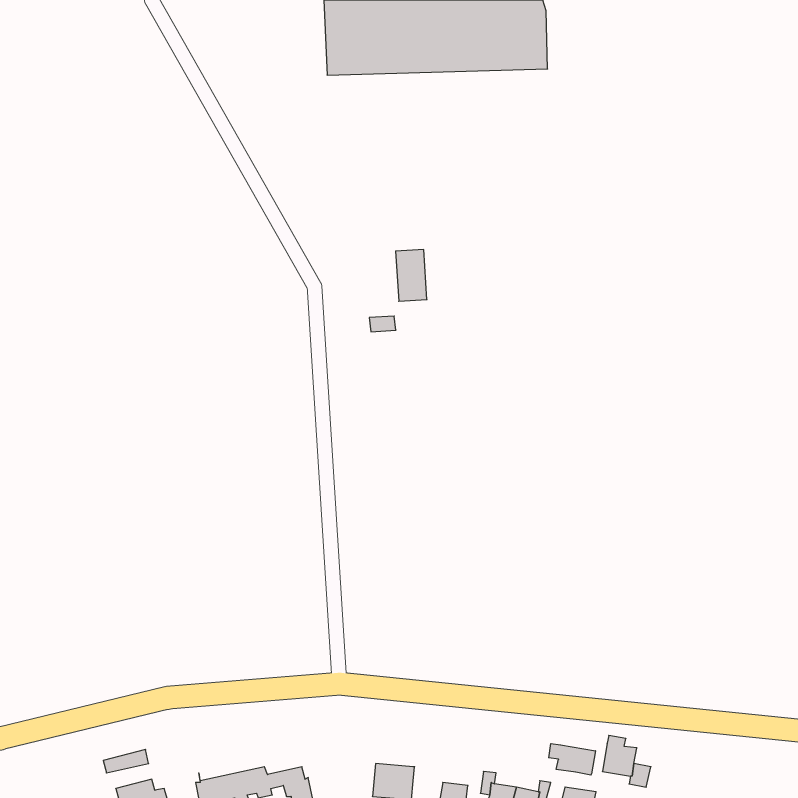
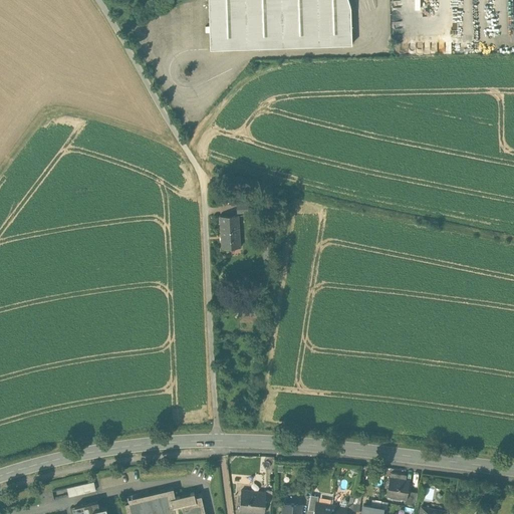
building: [396,250,427,301] -> [221,216,241,249]
building: [549,744,595,775] -> none

